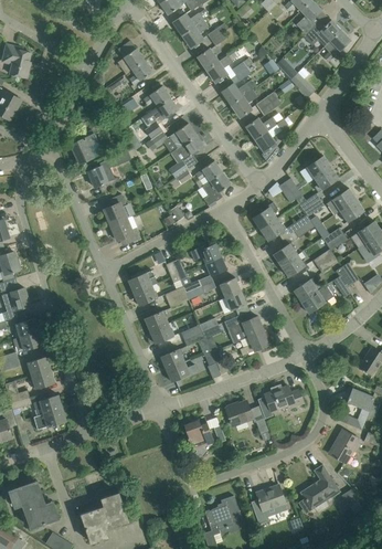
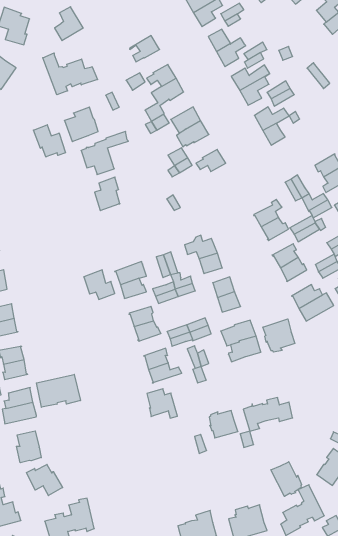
building: [118,41,145,73] -> [55,7,83,41]
building: none -> [43,53,98,95]
building: none -> [33,125,66,157]
building: [202,172,231,205] -> none
building: [110,218,140,245] -> [84,270,115,299]
building: none -> [263,319,295,352]
building: none -> [36,374,80,407]
building: [184,419,214,445] -> [147,389,177,418]
building: none -> [16,431,41,463]
building: none -> [271,462,302,496]
building: none -> [26,464,63,496]

